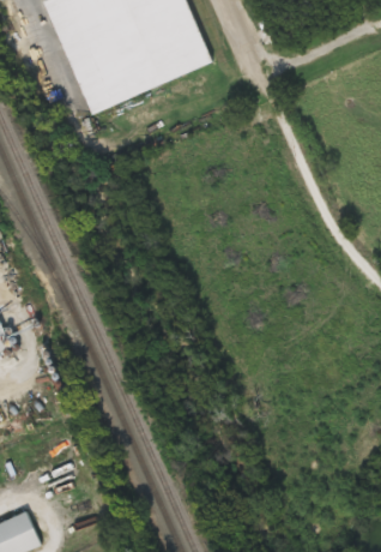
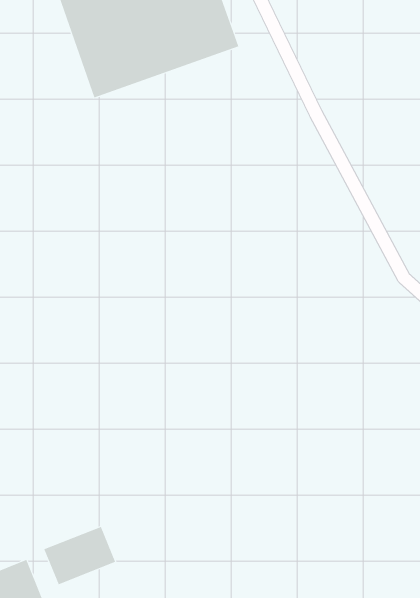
building: none -> [44,526,116,585]

